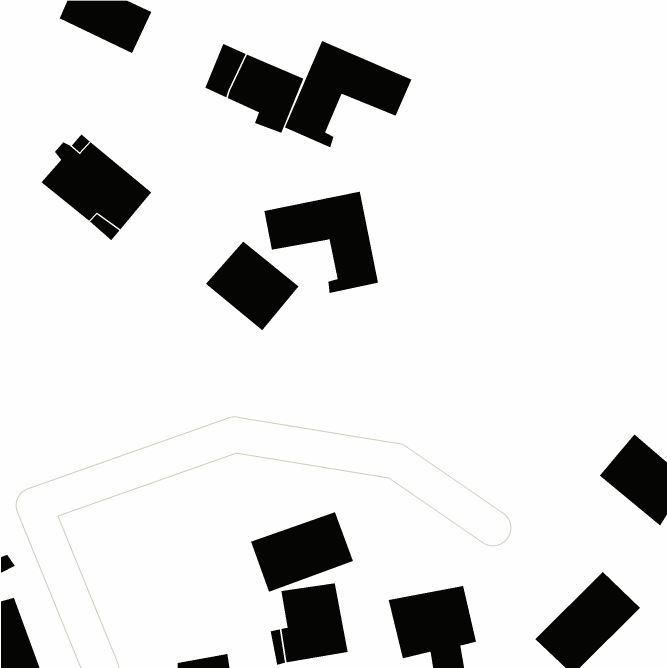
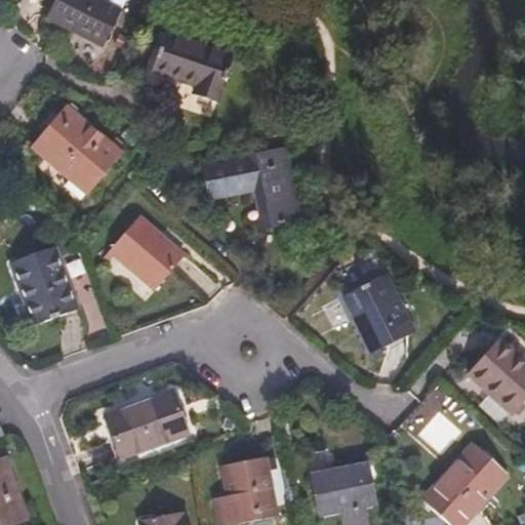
building: [284,40,412,148] -> none
building: [205,241,299,331] -> [110,213,184,284]
building: none -> [13,248,76,323]
building: none -> [346,274,412,349]
building: [250,511,354,593] -> [107,392,188,455]

